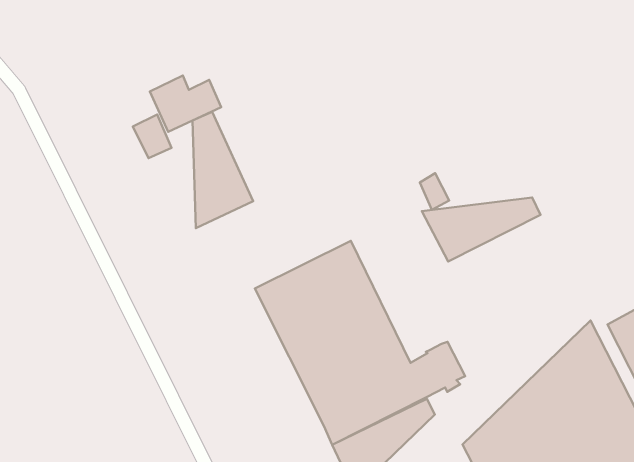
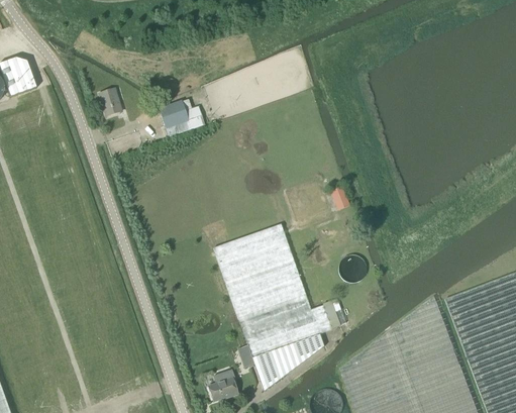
building: [193,112,253,228] -> none
building: [133,115,172,158] -> [98,89,122,117]
building: [422,198,541,262] -> none

